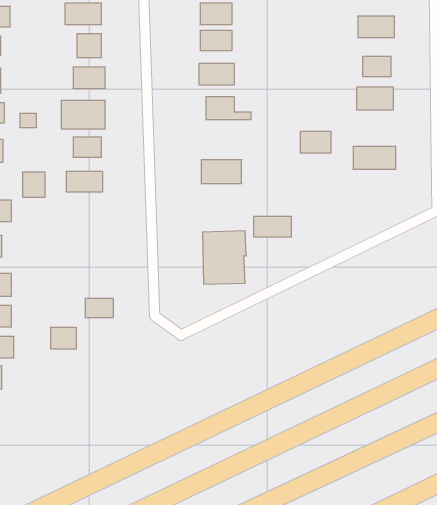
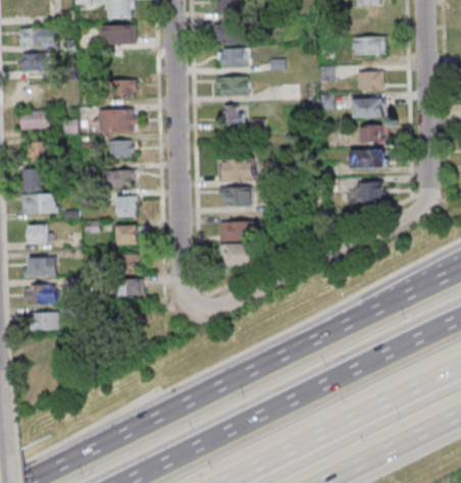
building: [300,131,331,153] -> [359,124,386,143]
building: [23,172,45,197] -> [116,197,136,218]
building: none -> [360,181,382,202]
building: [254,217,292,237] -> [218,187,251,205]
building: none -> [116,225,136,245]
building: [50,327,76,349] -> [119,255,142,273]

